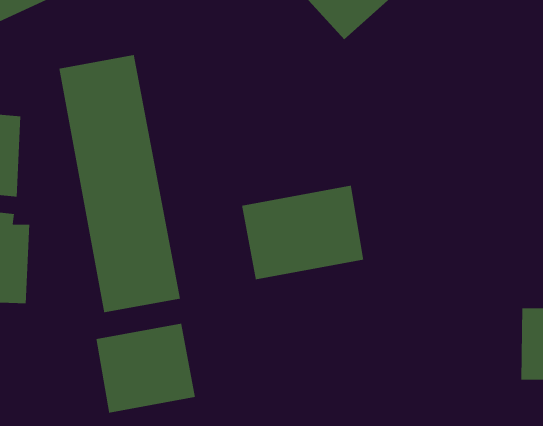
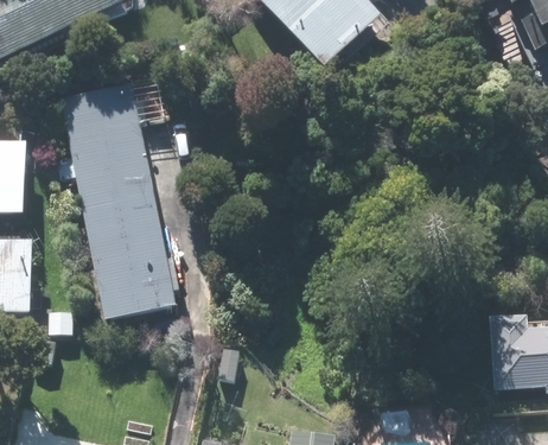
building: [241,185,364,280] -> none
building: [96,323,195,414] -> none

